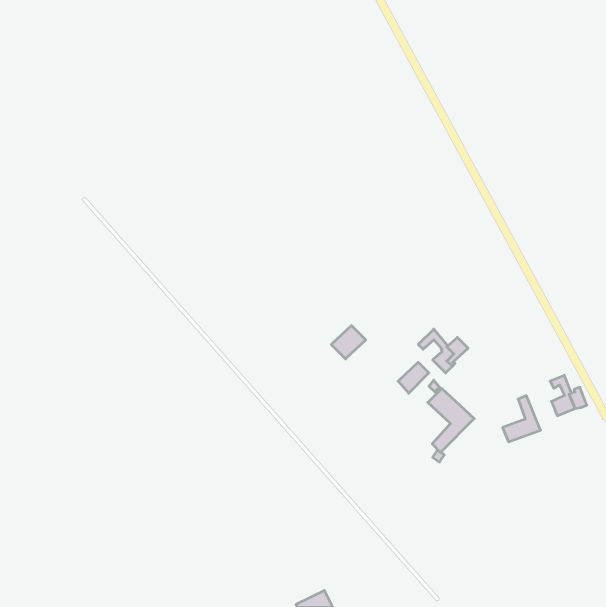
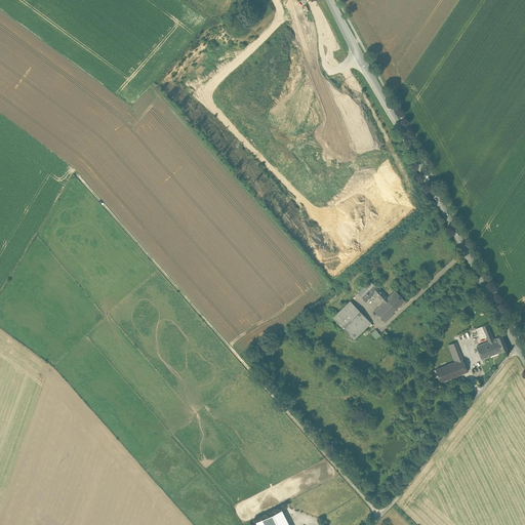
building: [331,326,366,359] -> [331,300,361,329]
building: [428,388,474,452] -> none

